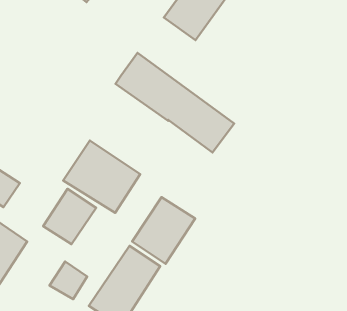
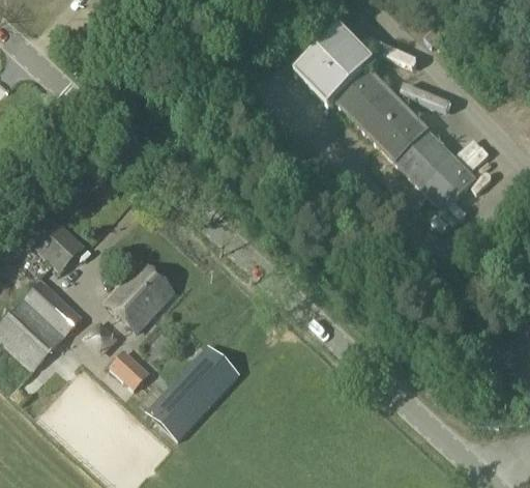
building: [115,53,234,152] -> [340,71,476,208]
building: [63,140,140,213] -> none
building: [132,197,195,264] -> none

